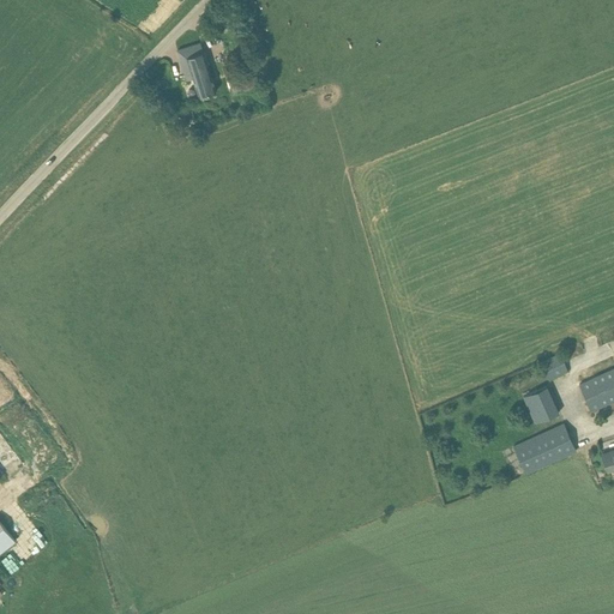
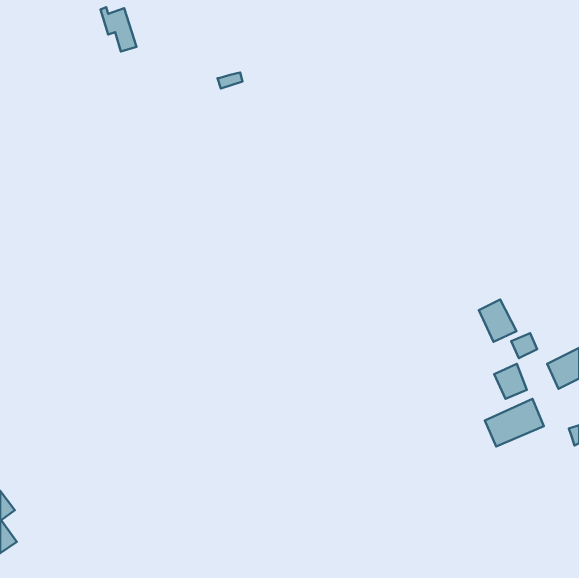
building: [177,50,216,97] -> [100,7,137,51]
building: none -> [479,299,517,342]

